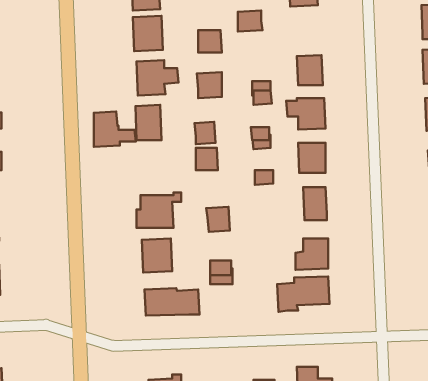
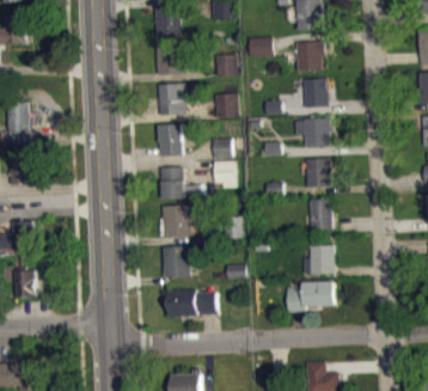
building: none -> [296,39,325,71]
building: [94,111,136,147] -> [161,167,200,200]

